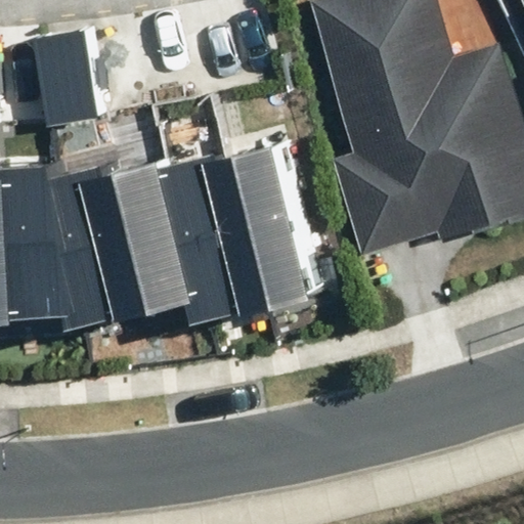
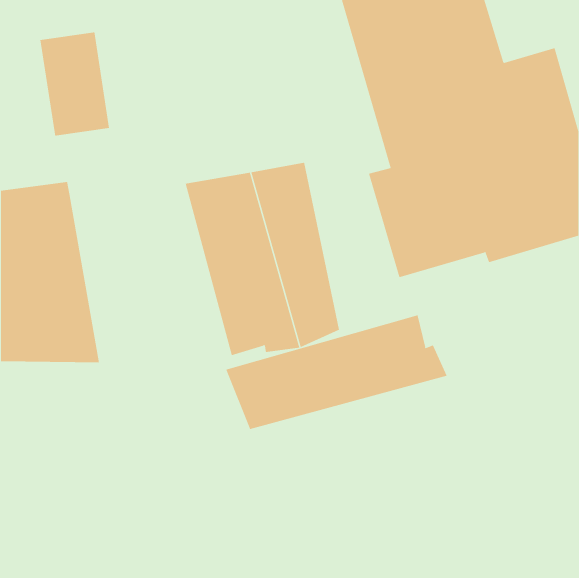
building: [63,159,209,328] -> none
building: none -> [226,315,448,430]

